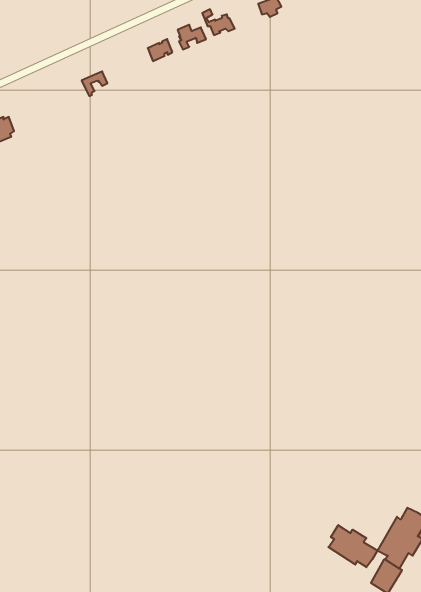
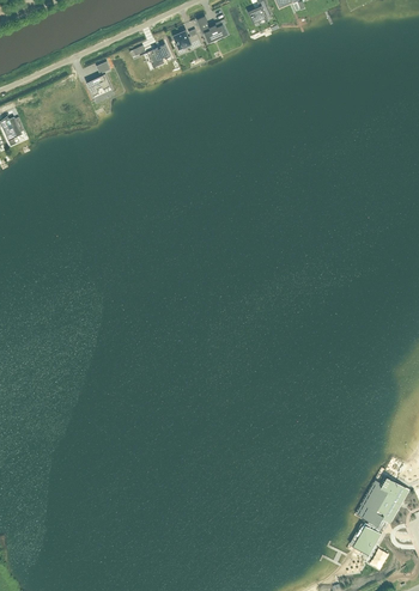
building: [328,525,377,567] -> none

